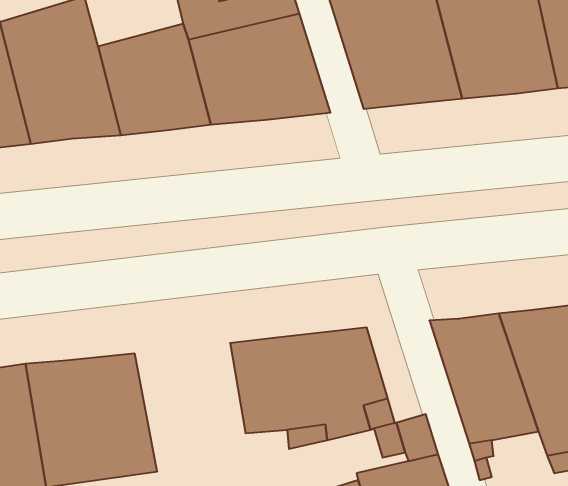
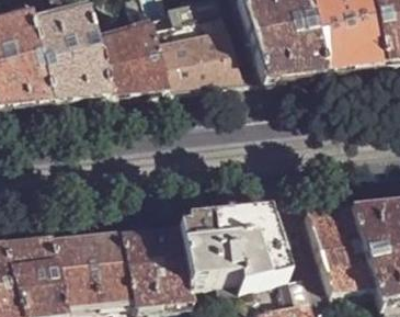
building: none -> [116,225,188,306]

